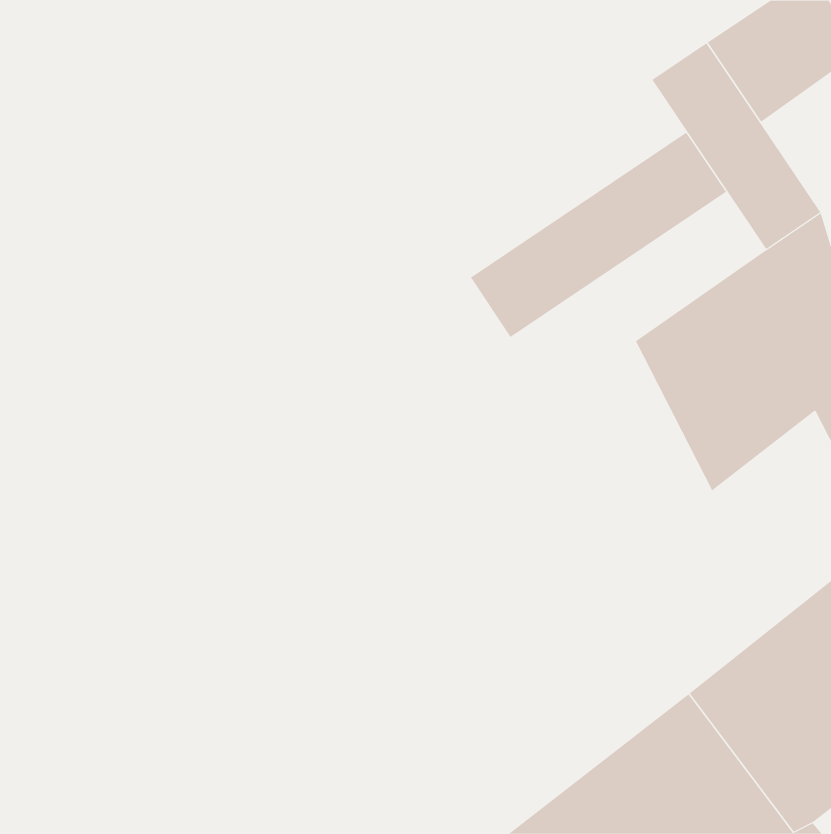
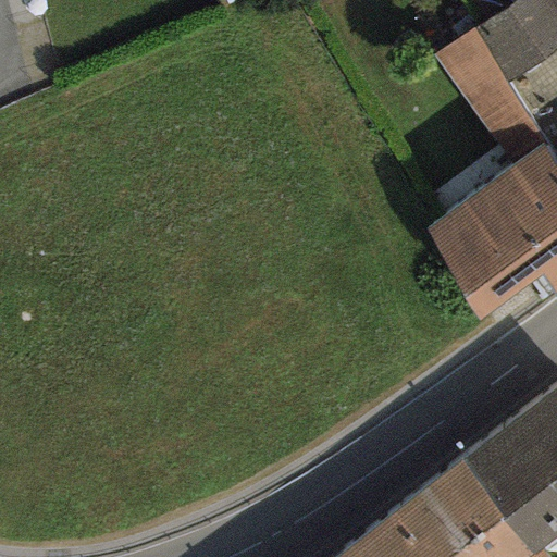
building: [470,132,727,338] -> none

